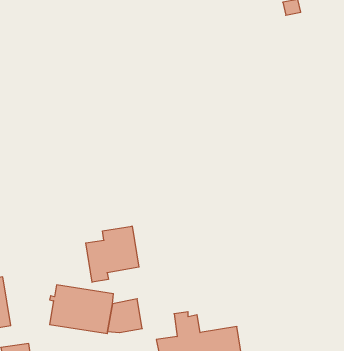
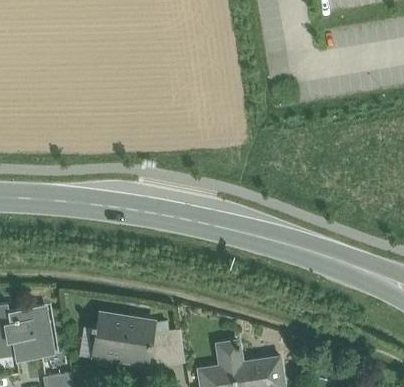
building: [86,226,139,282] -> none

